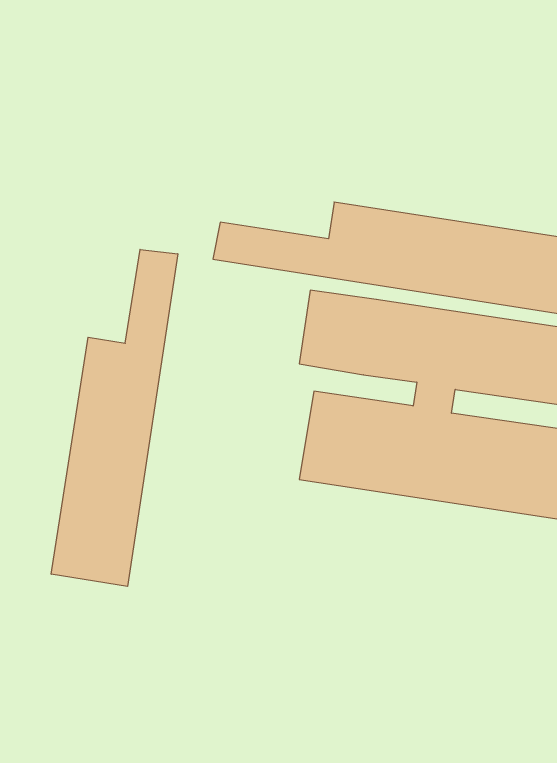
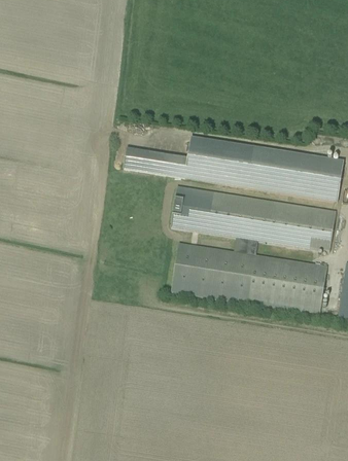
building: [51,249,178,586] -> none

